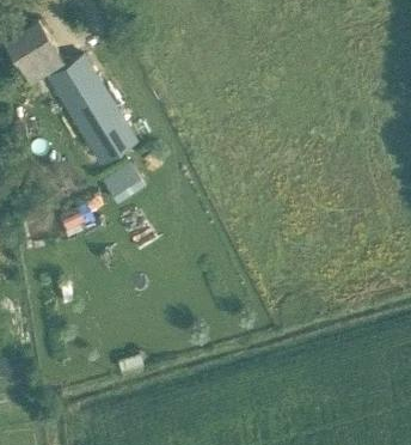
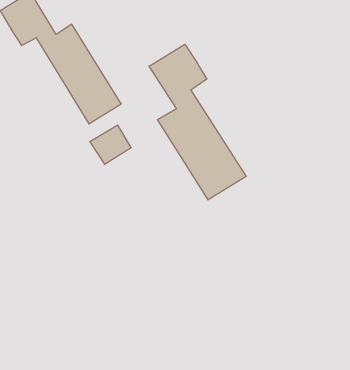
building: none -> [149,44,246,200]

